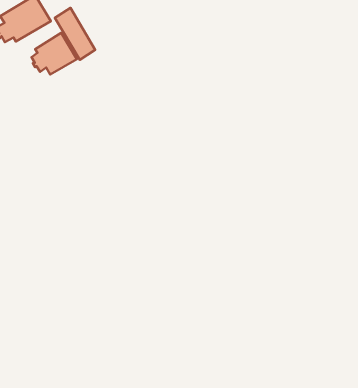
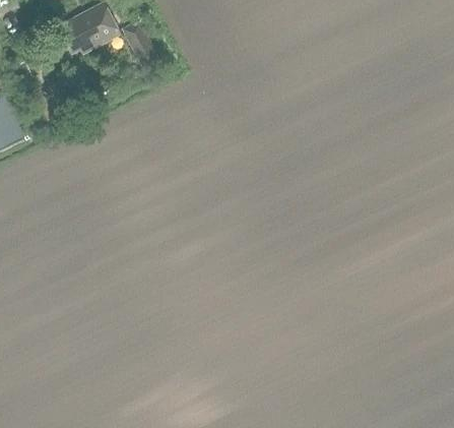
building: [31,33,77,75] -> none

